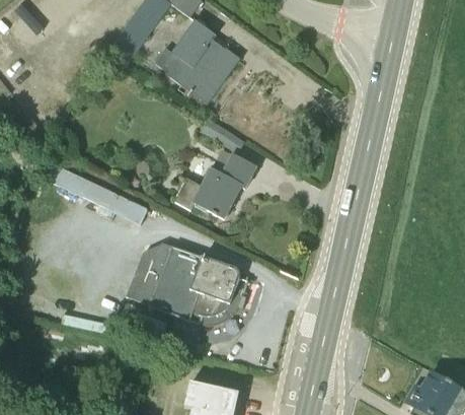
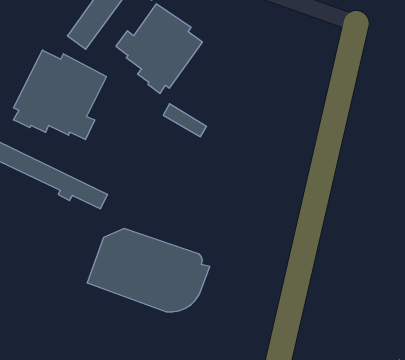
building: none -> [13,50,106,140]
building: [174,149,257,220] -> none

